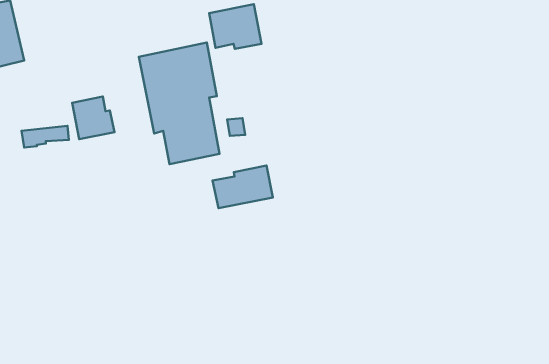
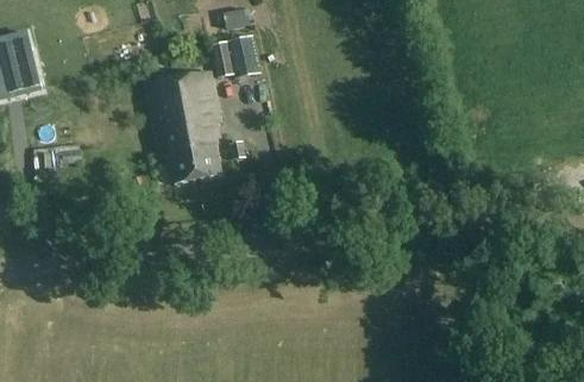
building: [72,97,114,139] -> none
building: [213,166,273,208] -> none

